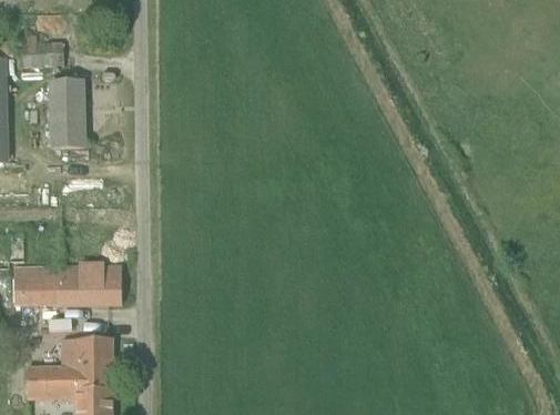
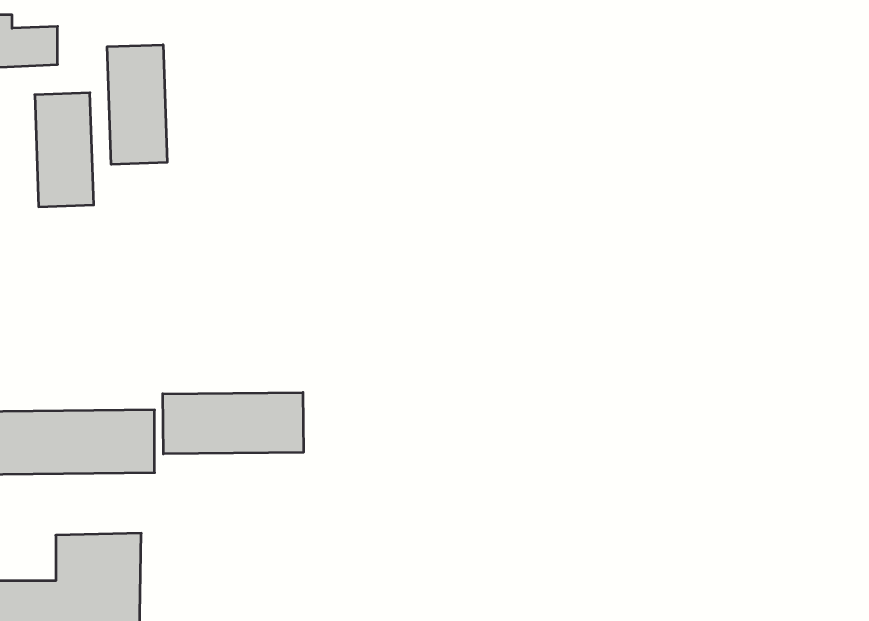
building: none -> [107,45,167,164]
building: none -> [163,392,303,454]

